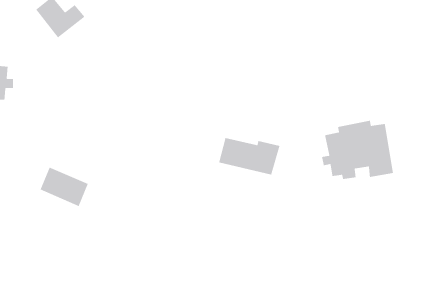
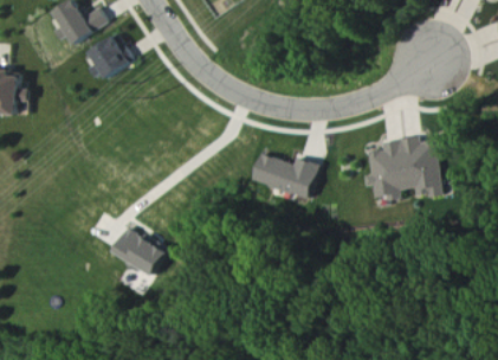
building: none -> [86,36,129,78]
building: [39,166,89,207] -> [112,229,167,274]

